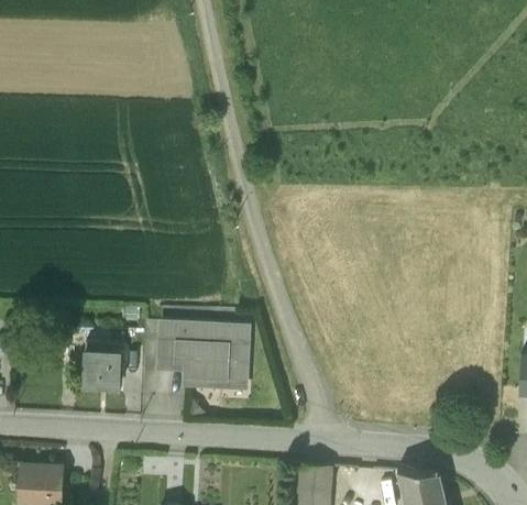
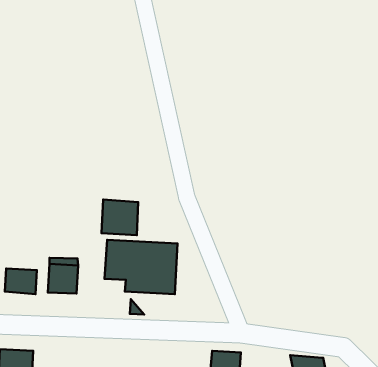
building: none -> [101,199,138,235]
building: none -> [5,268,37,294]

